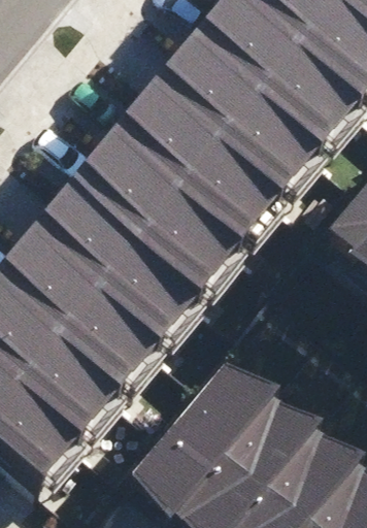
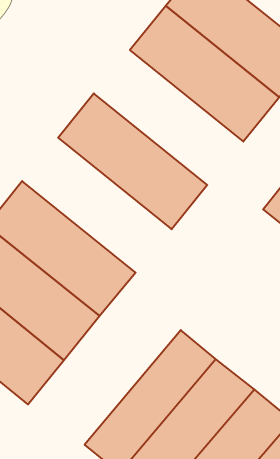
building: [139,59,302,206] -> none
building: [61,155,224,302] -> none

